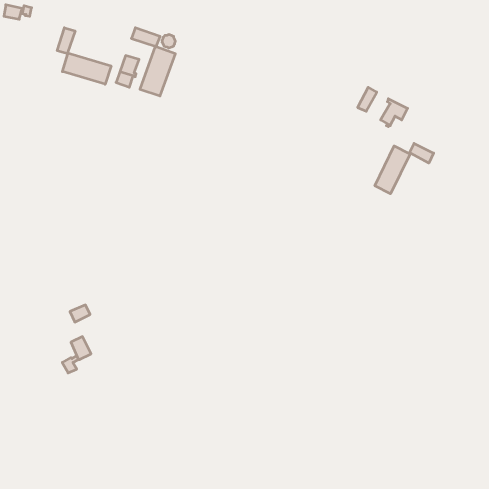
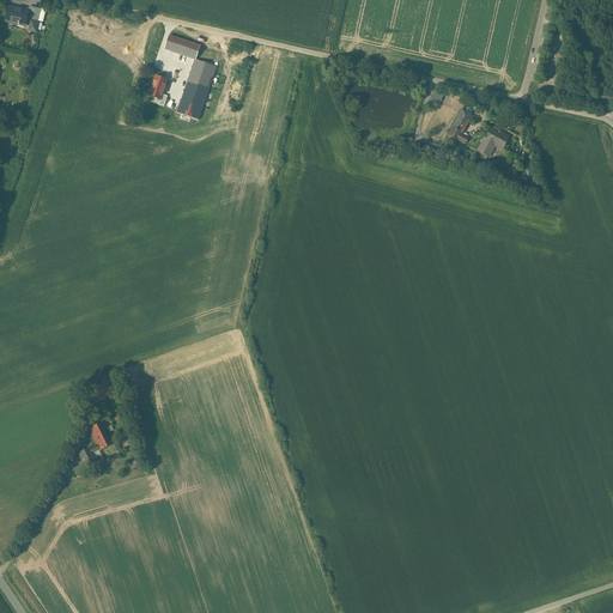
building: [57,28,111,84] -> none
building: [375,143,434,194] -> none

